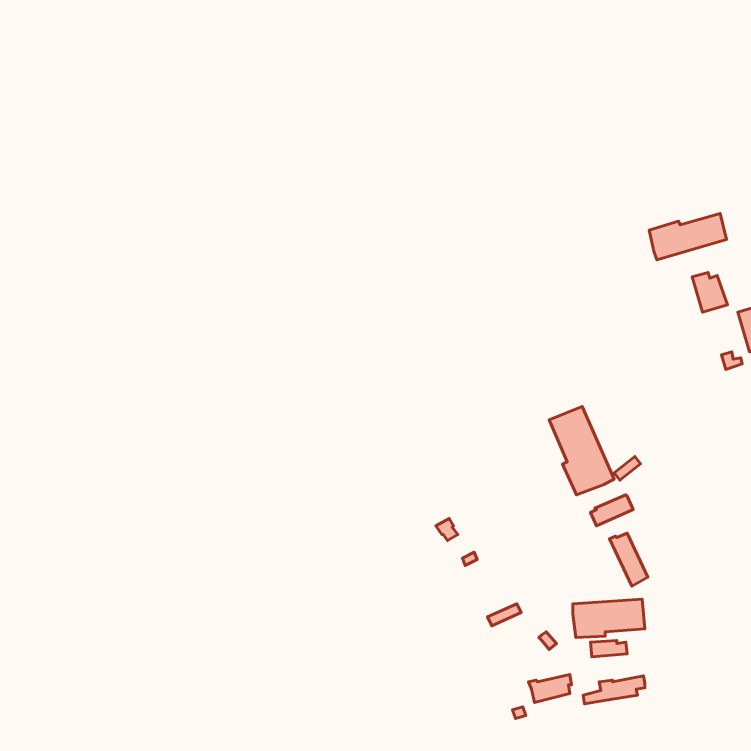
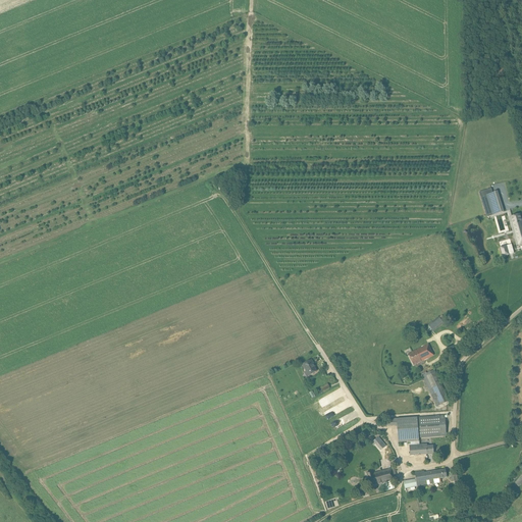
building: [649,214,727,260] -> none
building: [549,407,614,495] -> none

